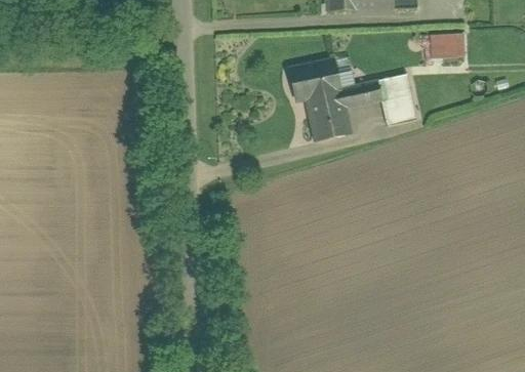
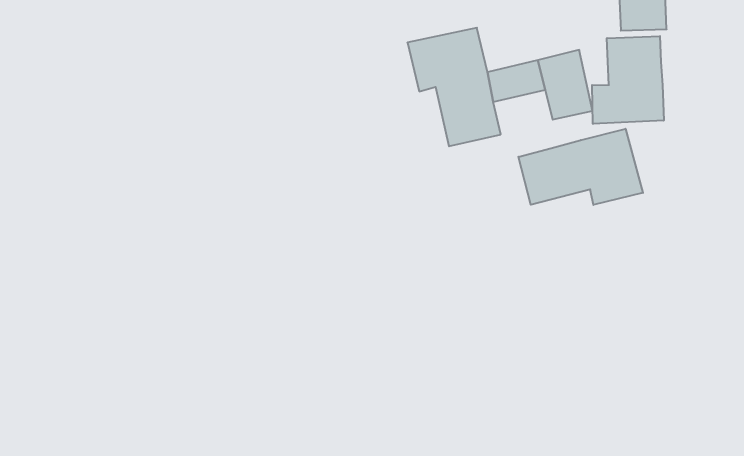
building: none -> [592,36,664,124]
building: none -> [518,129,643,205]

